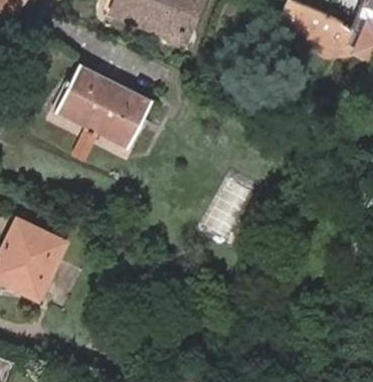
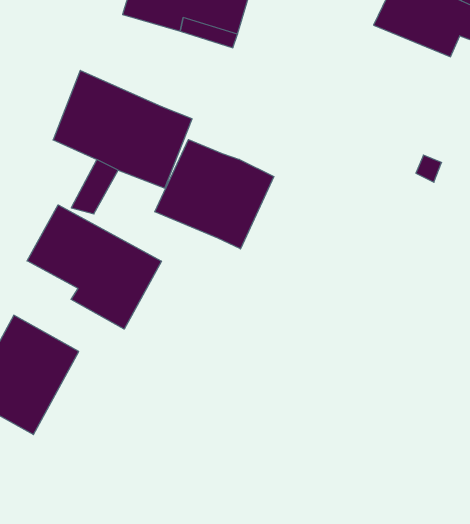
building: none -> [155,140,274,249]
building: none -> [27,205,161,329]

